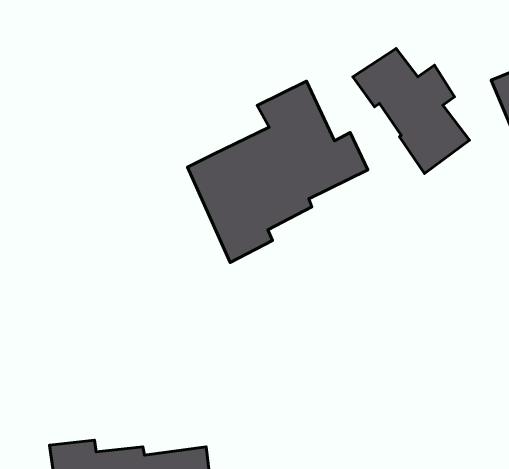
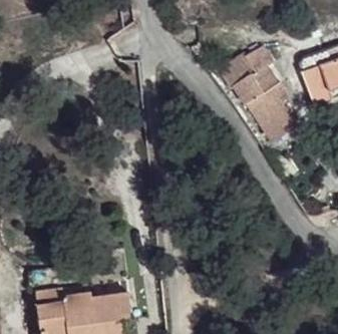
building: [188,81,368,262] -> none

